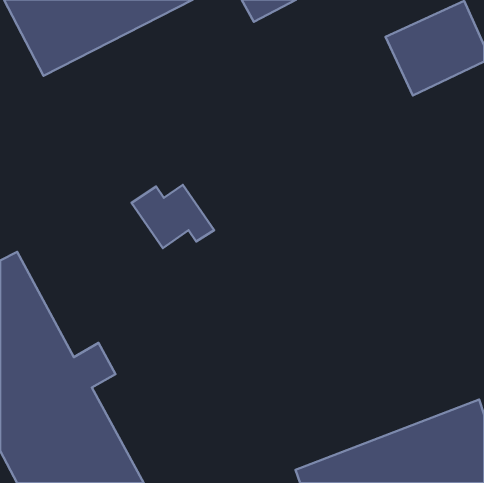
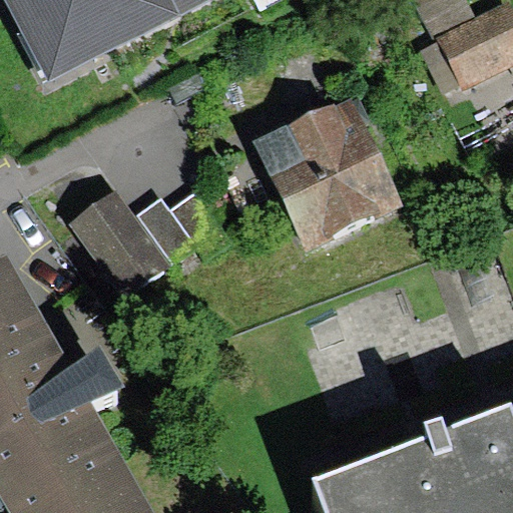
building: none -> [253,96,400,250]
building: none -> [71,193,168,297]

